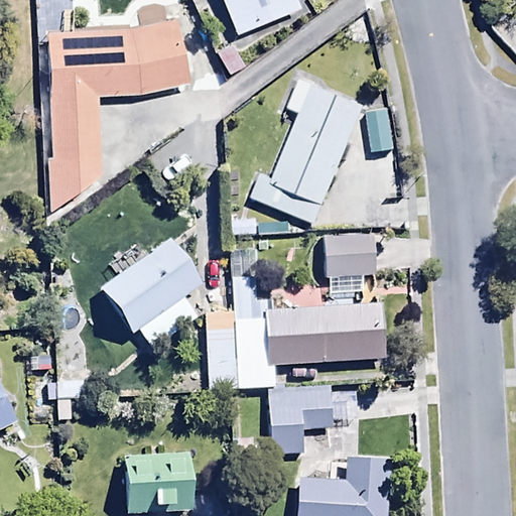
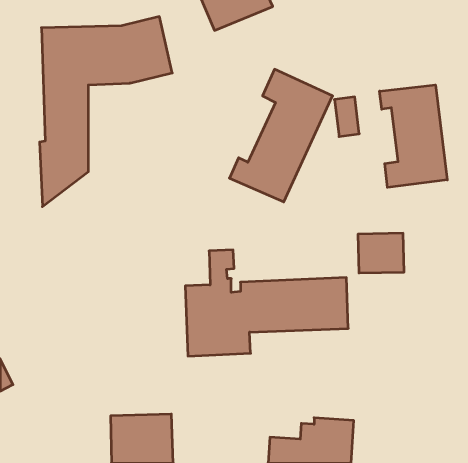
building: none -> [380,85,447,187]
building: [325,233,375,276] -> [358,233,404,273]
building: [101,239,202,349] -> none
building: [268,384,358,455] -> none

